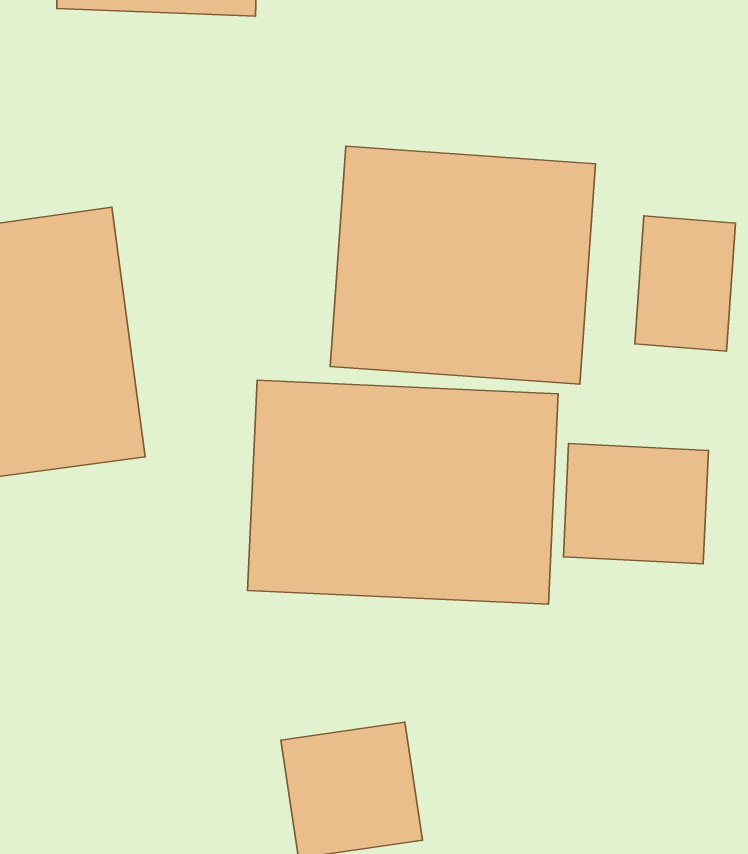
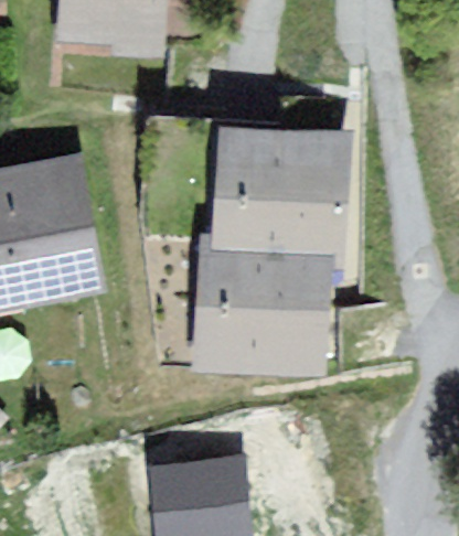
building: [635,216,736,351] -> none
building: [563,443,708,564] -> none

